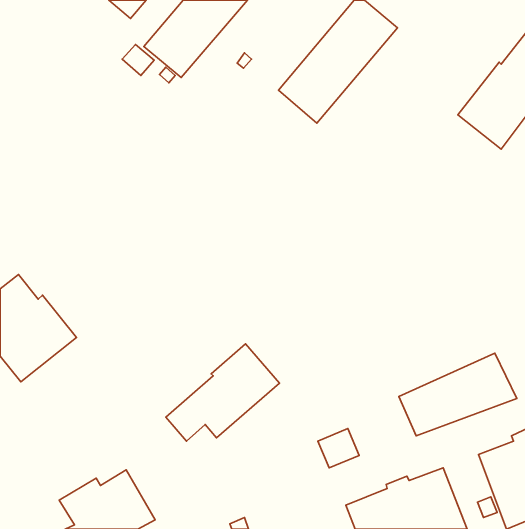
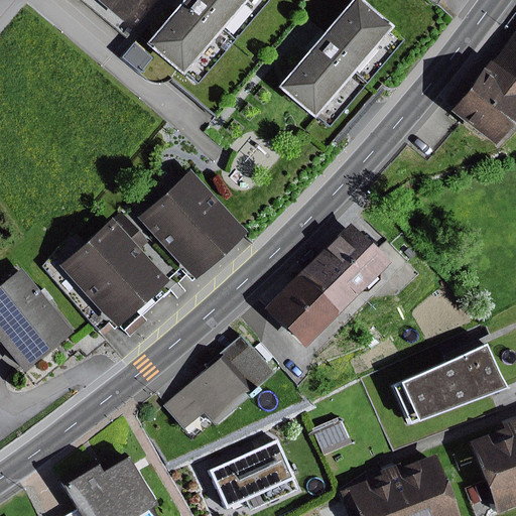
building: none -> [138,170,247,280]
building: none -> [59,214,168,328]
building: none -> [264,225,389,348]
building: none -> [208,439,299,511]

